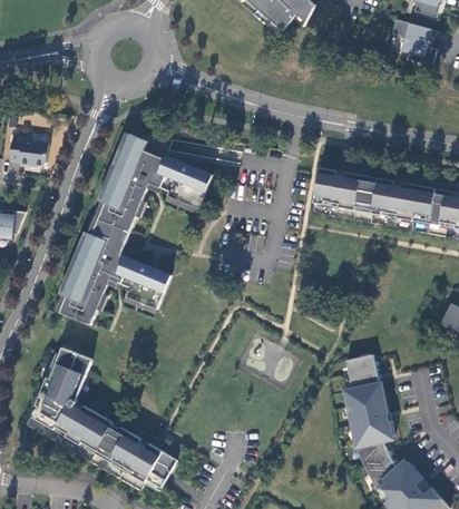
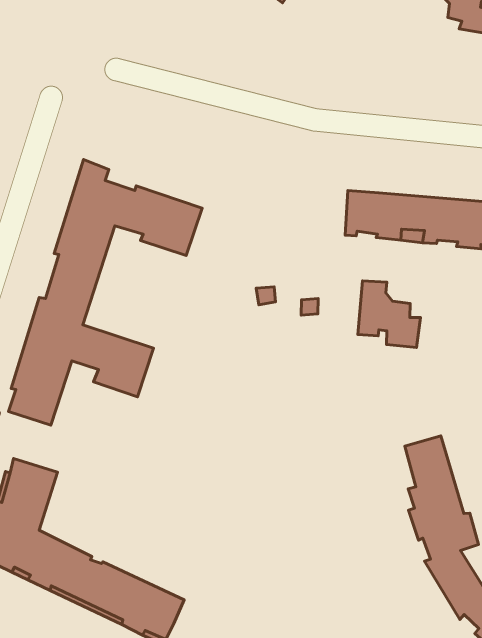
building: none -> [358,281,420,348]

